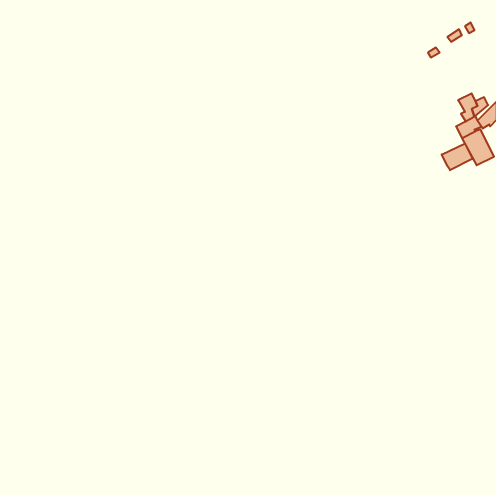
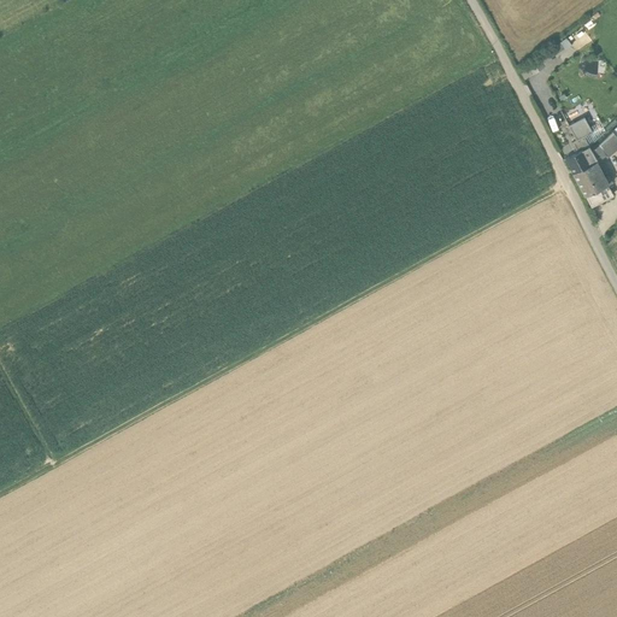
building: [442,144,473,170] -> none

